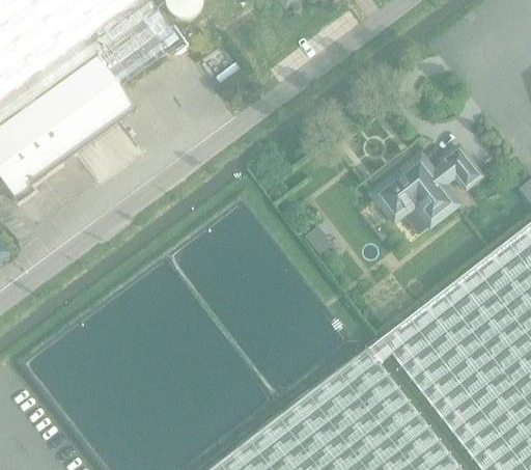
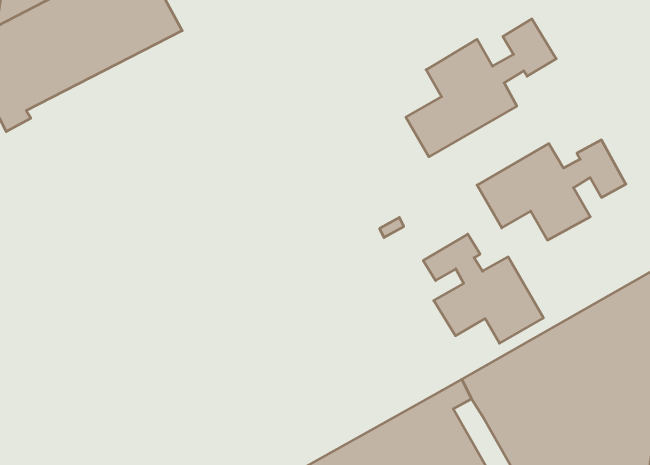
building: none -> [406,19,556,157]
building: none -> [423,234,543,343]

